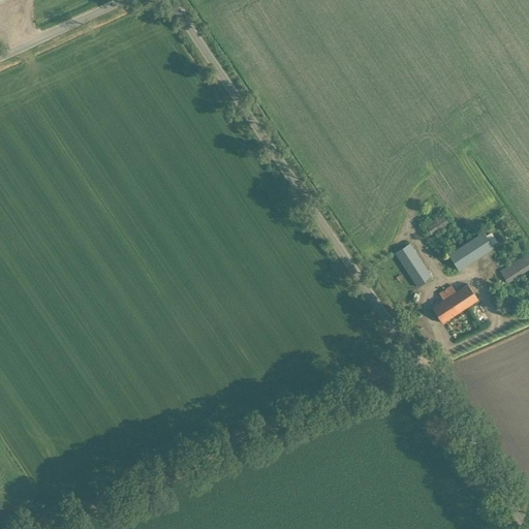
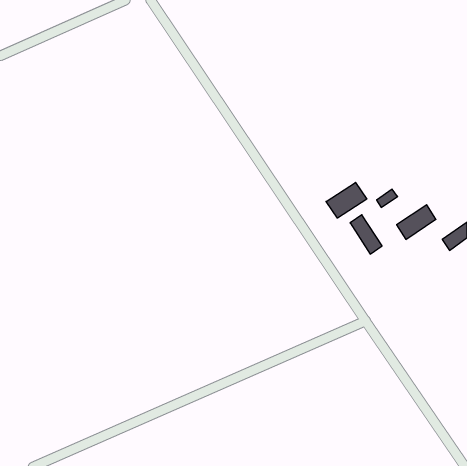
building: none -> [326,182,367,218]
building: [432,284,478,323] -> none

